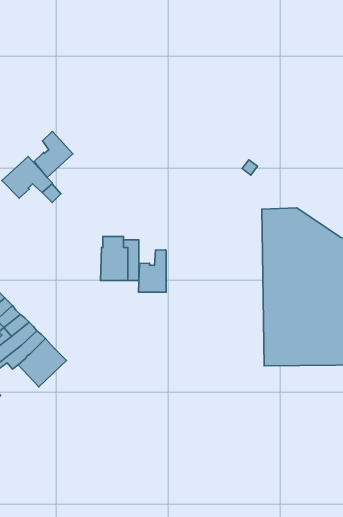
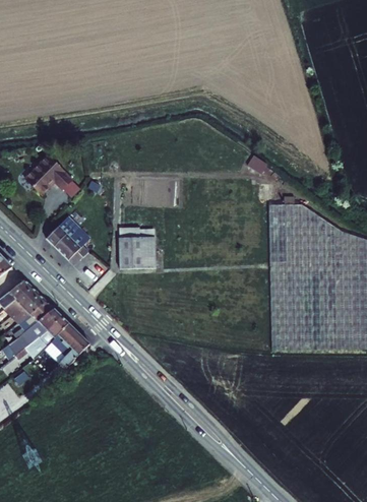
building: [34,132,73,177] -> none
building: none -> [47,216,88,265]
building: [139,250,166,292] -> none

